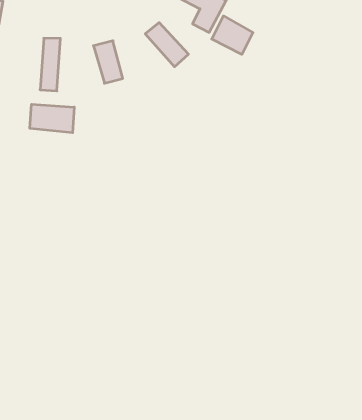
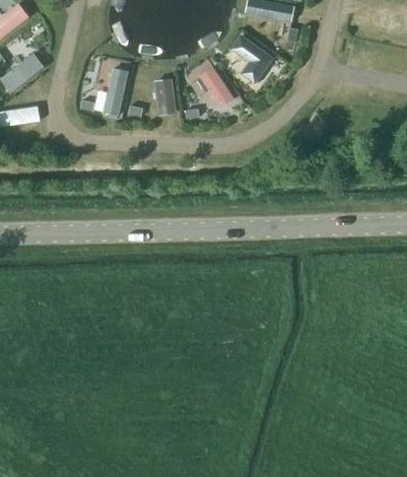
building: [212,16,253,54] -> none
building: [30,104,74,133] -> none

